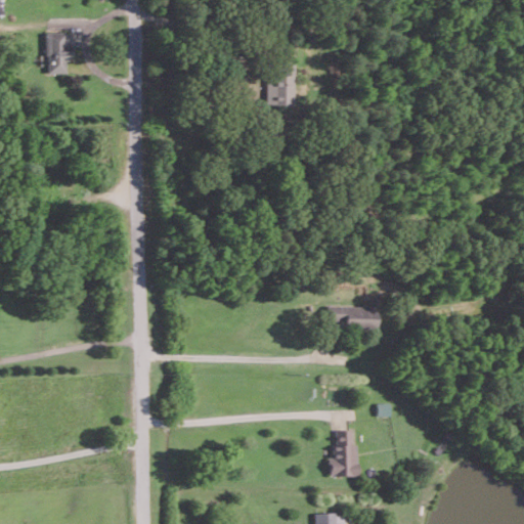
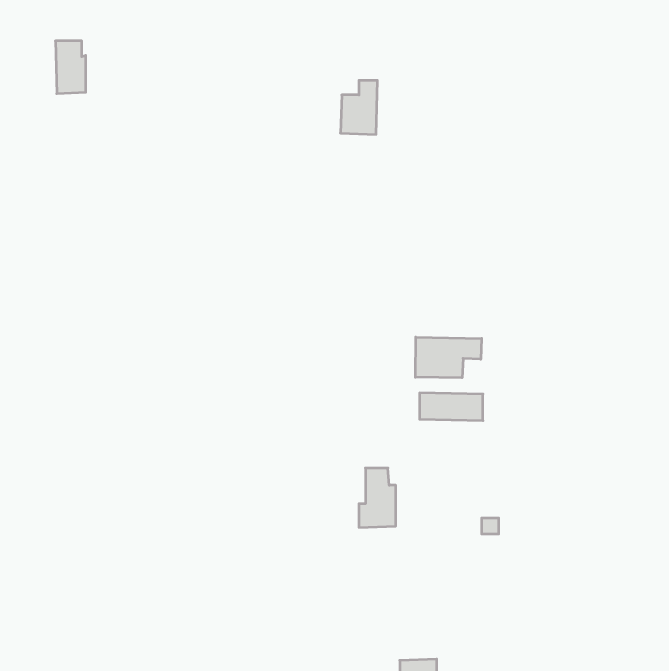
building: none -> [415,337,482,378]
building: [330,431,358,477] -> [359,468,396,527]

